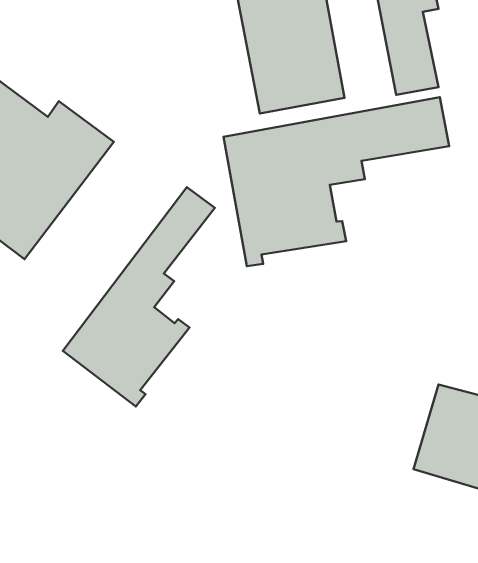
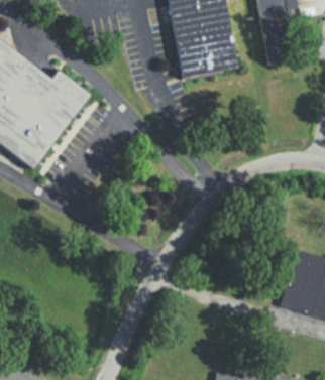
building: [223,97,449,266] -> none
building: [63,187,215,406] -> none

